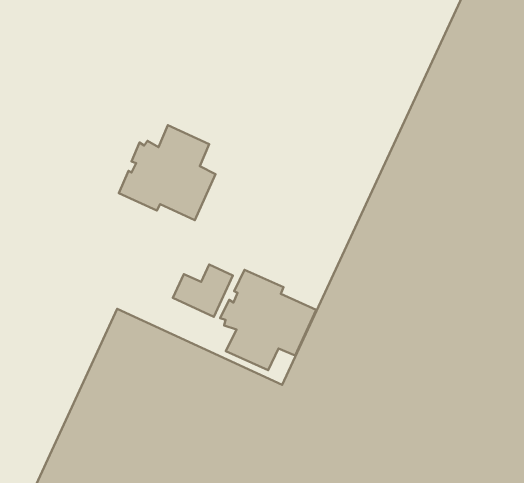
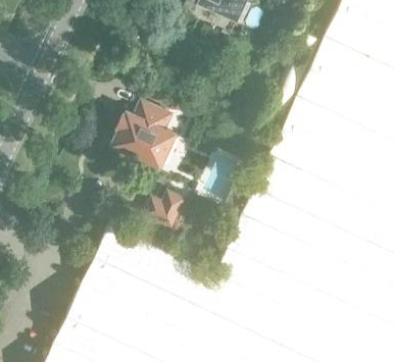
building: [220,270,316,370] -> none

